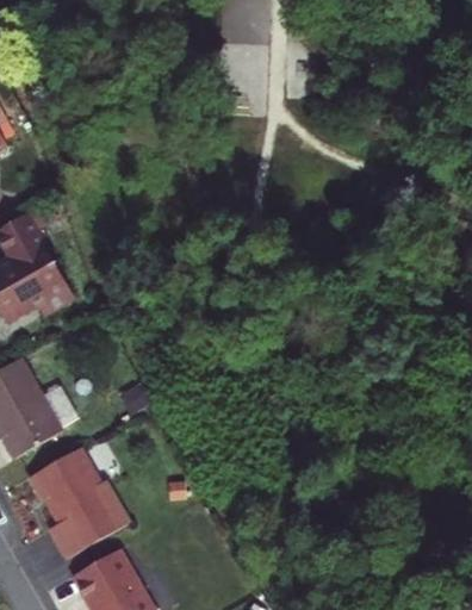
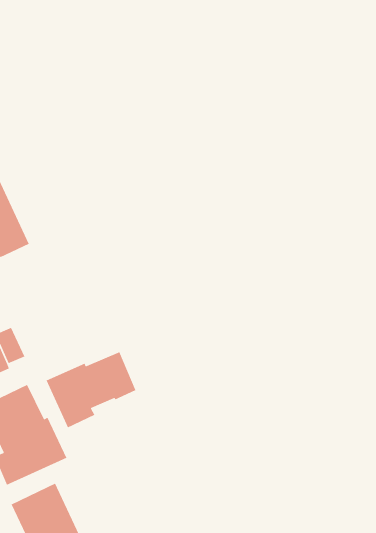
building: none -> [45,351,136,429]

